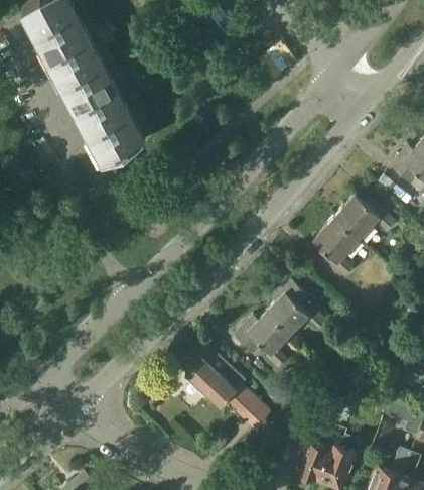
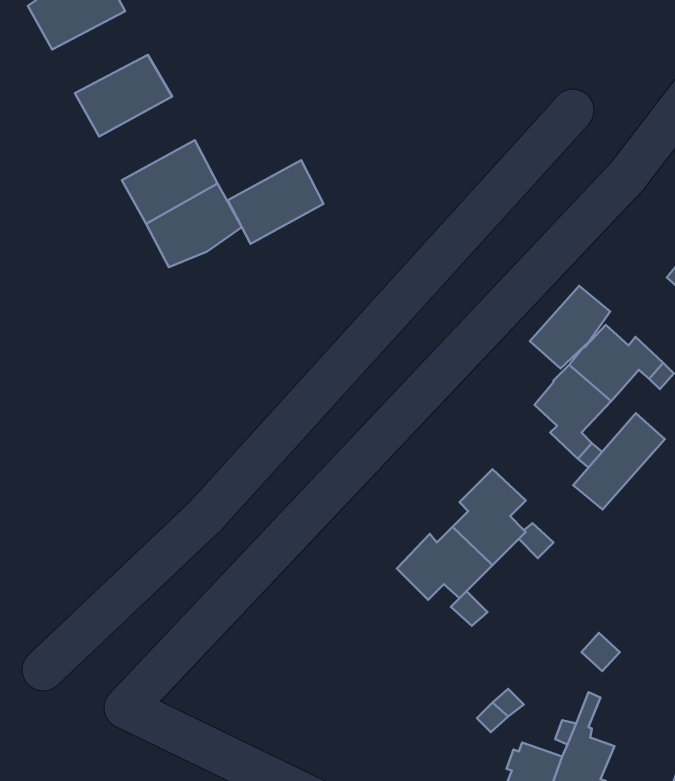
building: [35,15,91,63] -> none
building: [62,65,118,113] -> [228,160,324,244]
building: none -> [530,286,610,368]
building: none -> [573,413,665,509]
building: [185,349,271,431] -> none

